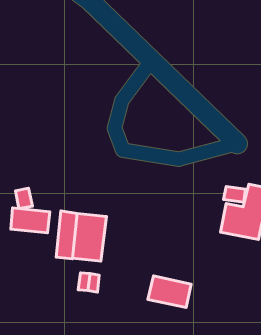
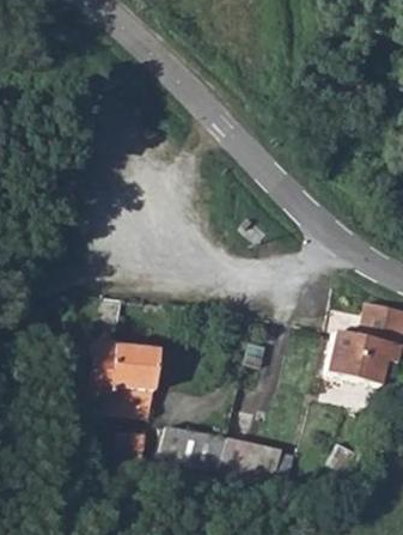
building: [11,208,50,233] -> none
building: none -> [164,425,233,467]

